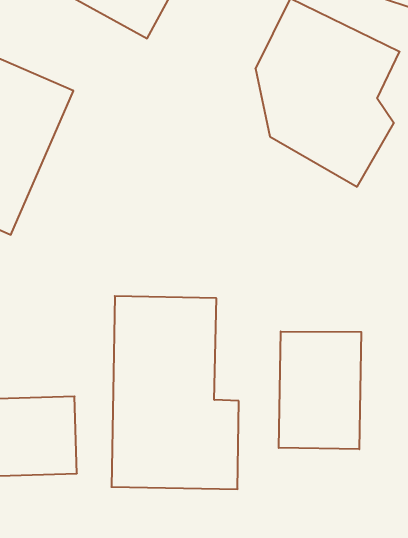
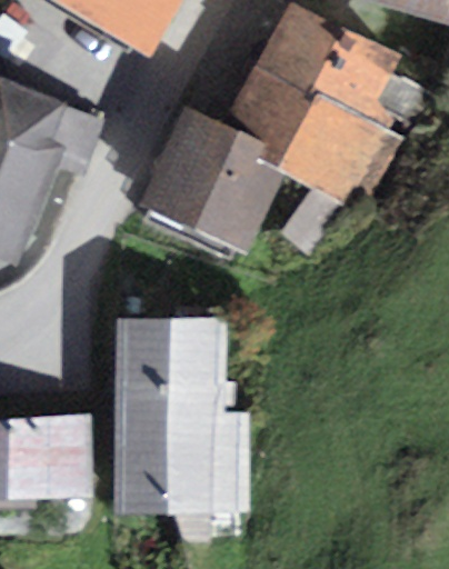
building: none -> [148,128,301,272]
building: [279,331,361,449] -> none

